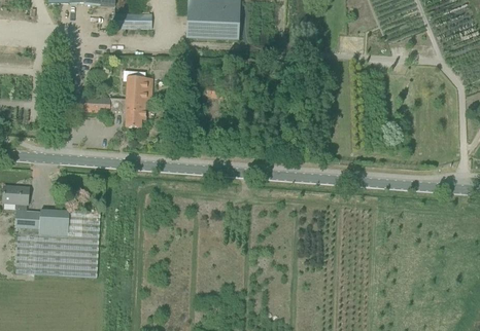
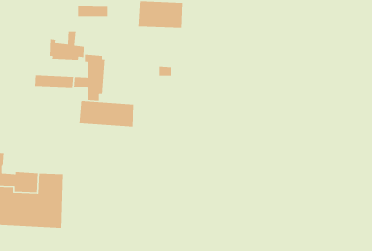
building: none -> [49,31,85,61]
building: none -> [79,100,134,128]

